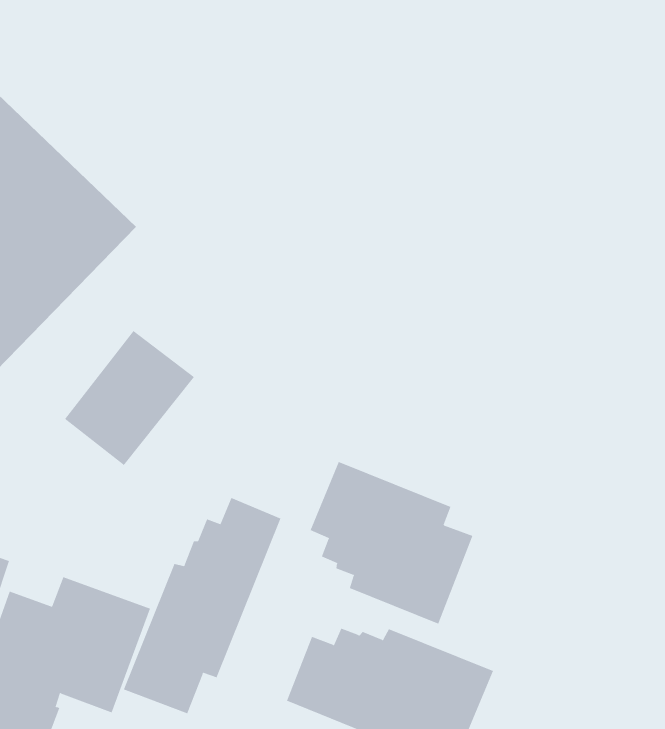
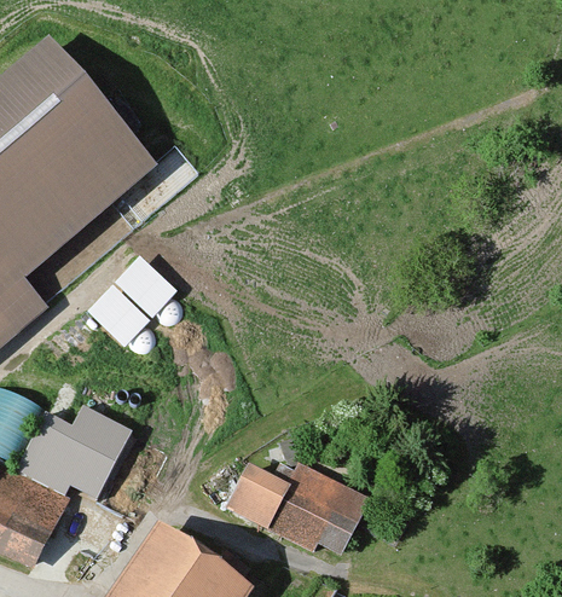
building: [310,461,473,625] -> none
building: [123,497,281,714] -> none

